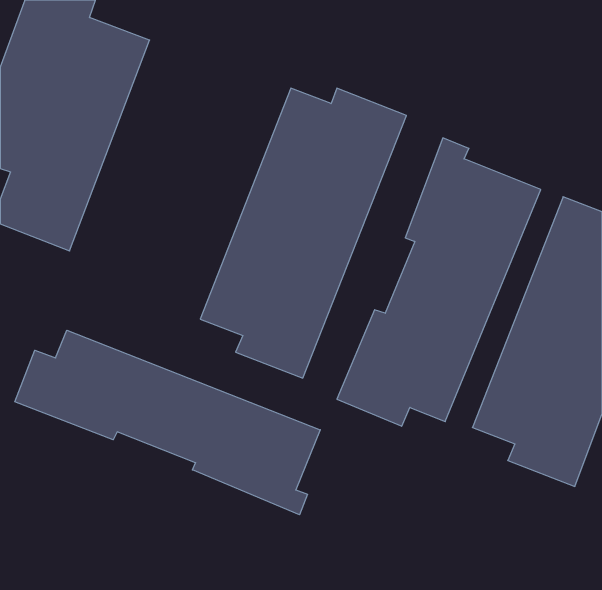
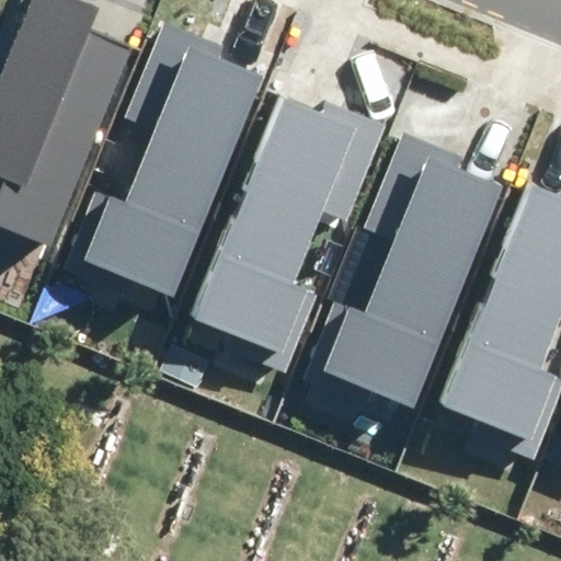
building: none -> [78,31,267,298]
building: [15,330,320,515] -> none

